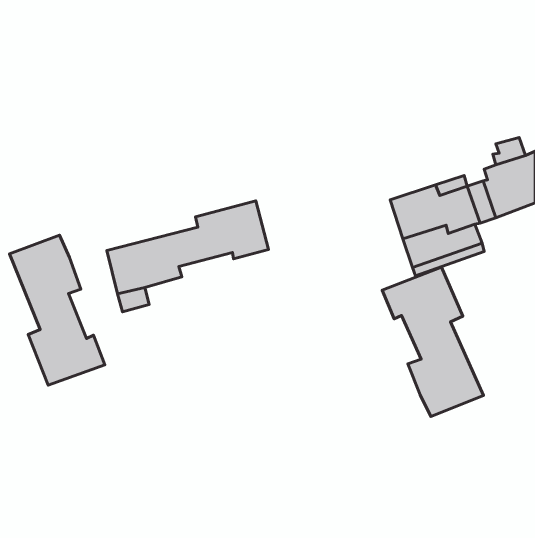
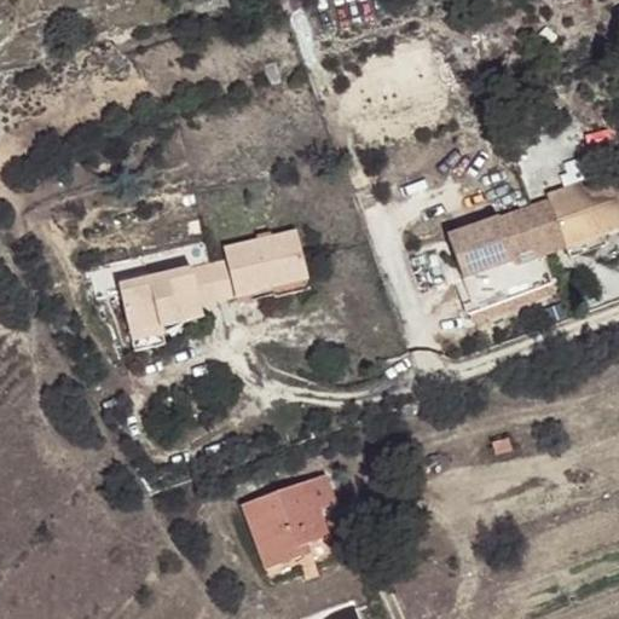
building: [9,235,105,385] -> none
building: [382,267,483,417] -> none
building: none -> [241,463,334,559]

